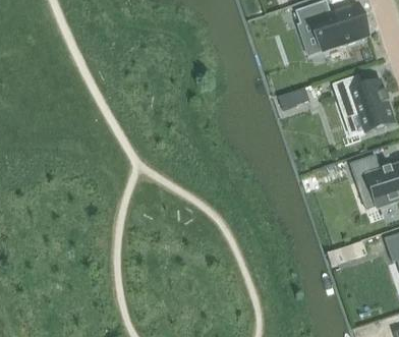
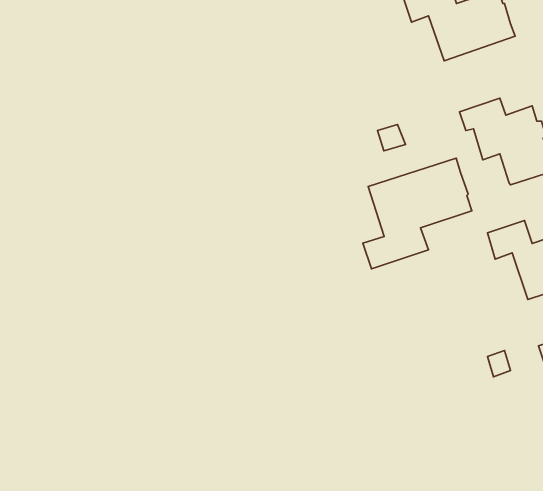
building: none -> [363,158,472,269]

